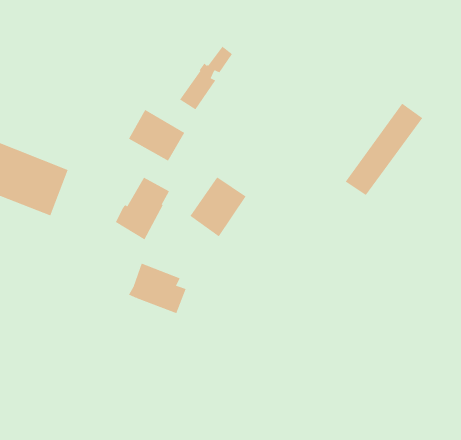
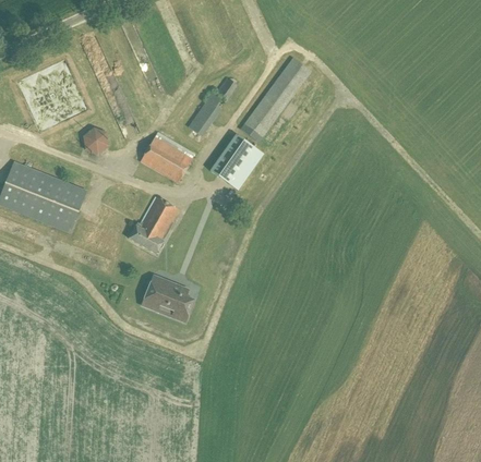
building: none -> [83,126,109,154]
building: [345,103,423,196] -> [239,57,311,142]
building: [189,176,247,237] -> [211,134,263,190]

